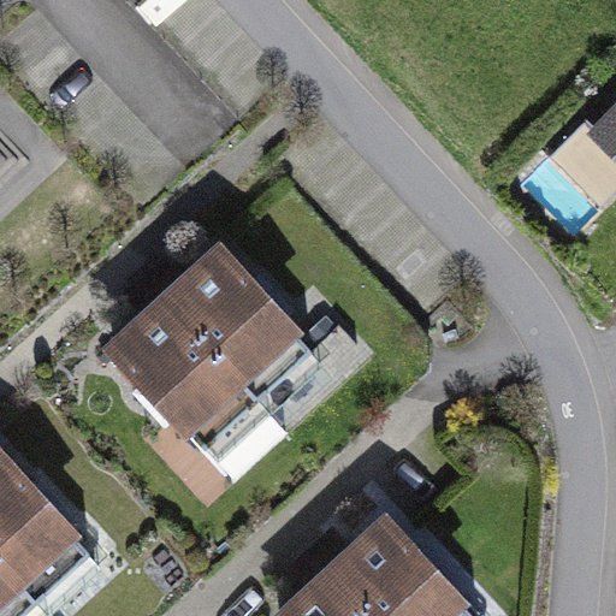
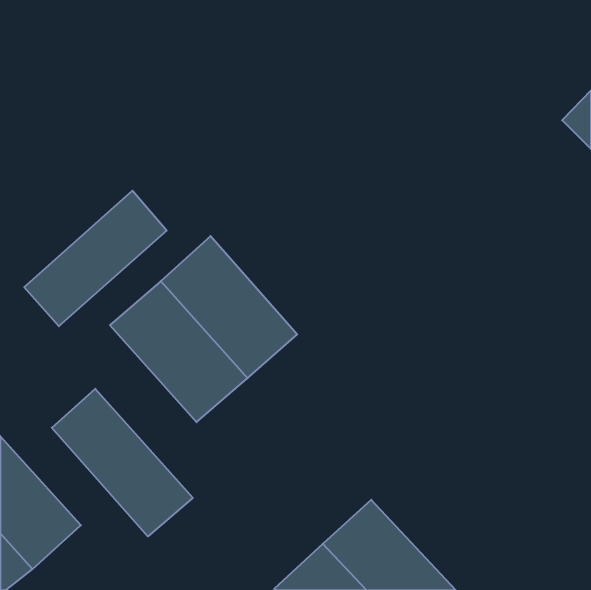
building: none -> [24,191,167,326]
building: none -> [52,389,193,536]

